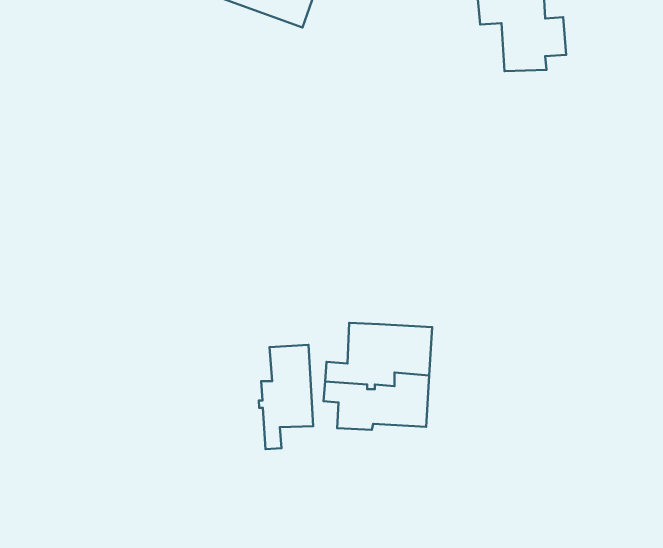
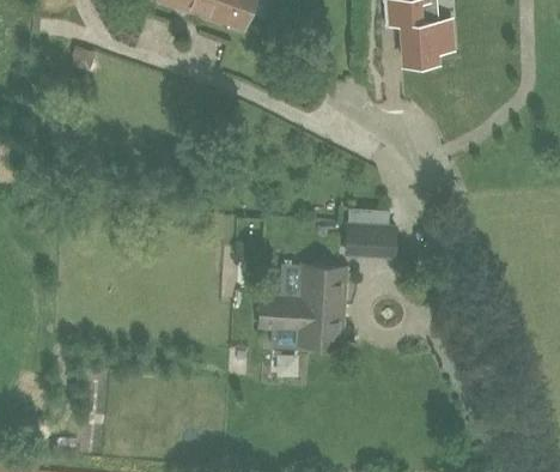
building: none -> [346,208,396,256]
building: [259,345,313,449] -> none

